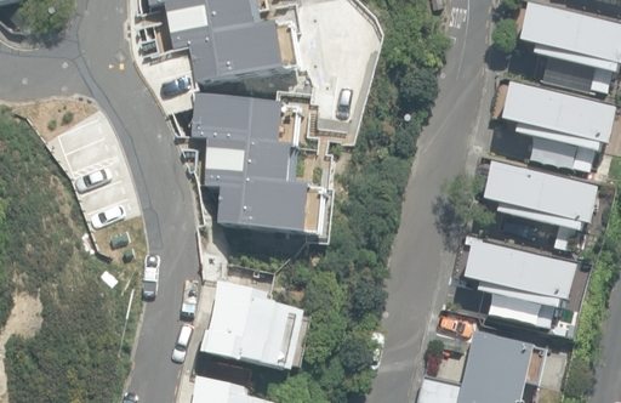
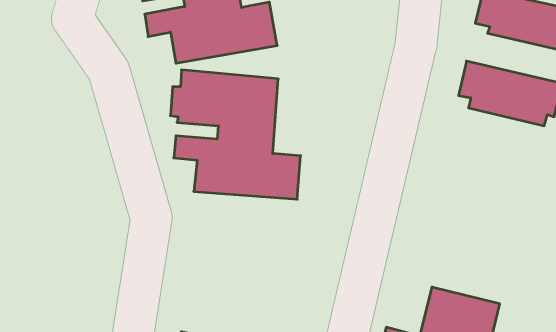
building: [484,161,596,232] -> none
building: [463,240,576,310] -> none
building: [204,282,310,368] -> none

